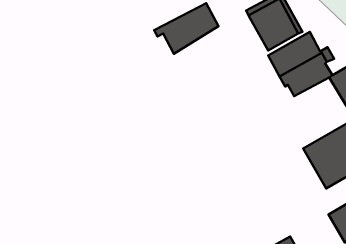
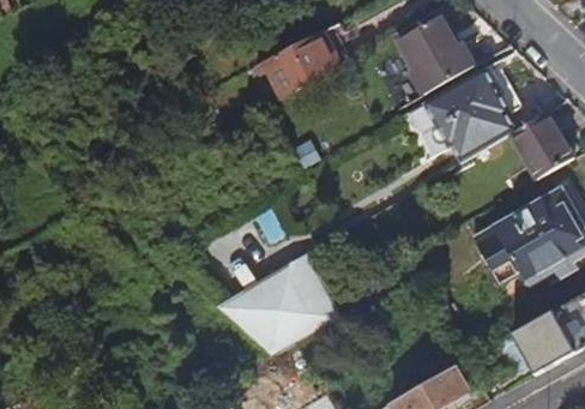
building: none -> [212,255,340,359]

